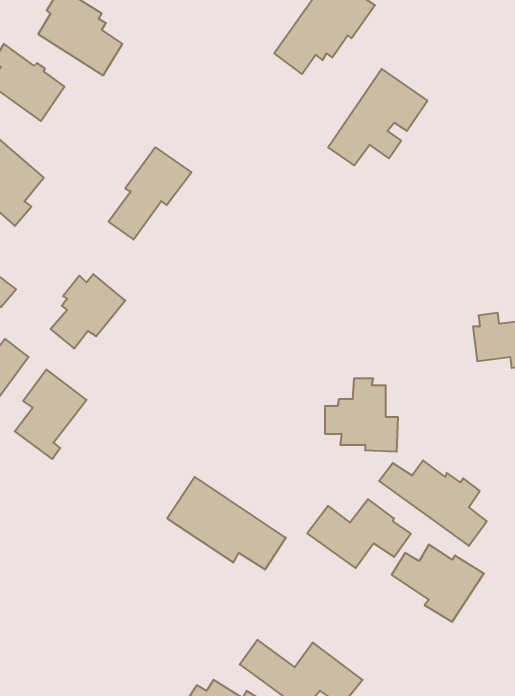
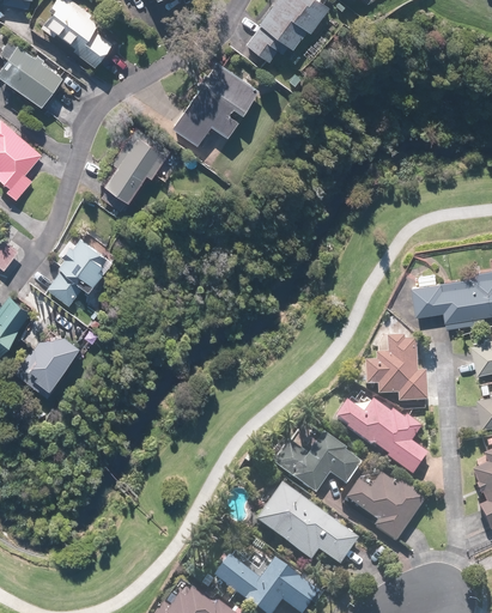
building: [328,69,427,165] -> [174,61,260,145]
building: [325,379,398,452] -> [364,338,427,401]
building: [167,477,286,569] -> [255,486,358,566]

